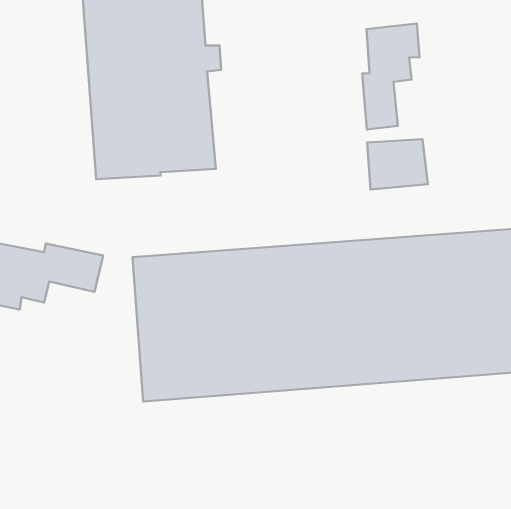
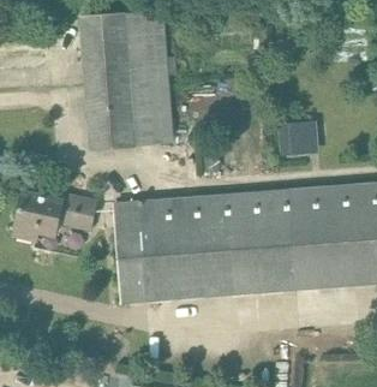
building: [362,23,419,129] -> none

